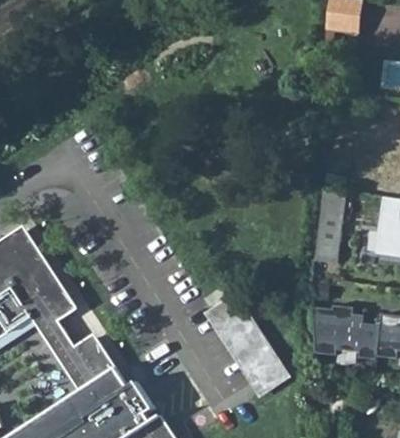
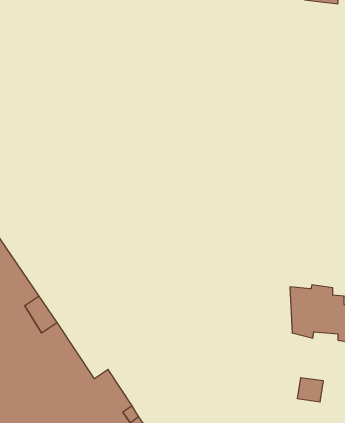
building: [313,188,347,265] -> none
building: [206,289,293,396] -> none

